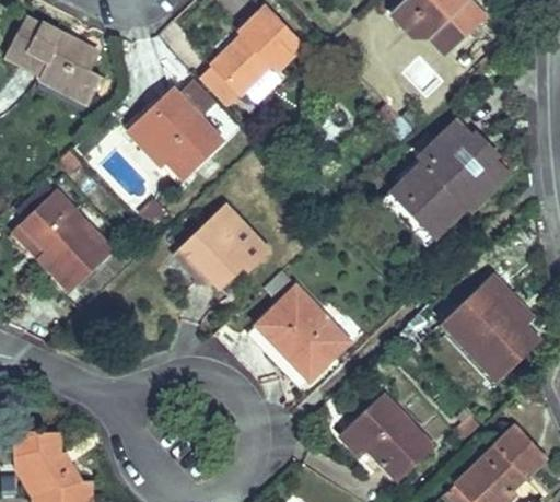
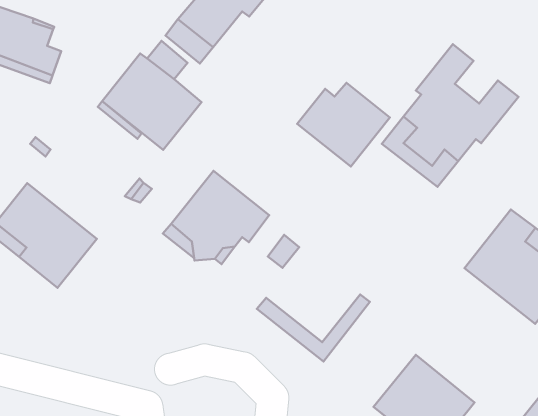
building: [454,133,497,176] -> none
building: none -> [297,83,390,167]
building: [257,287,342,372] -> none

